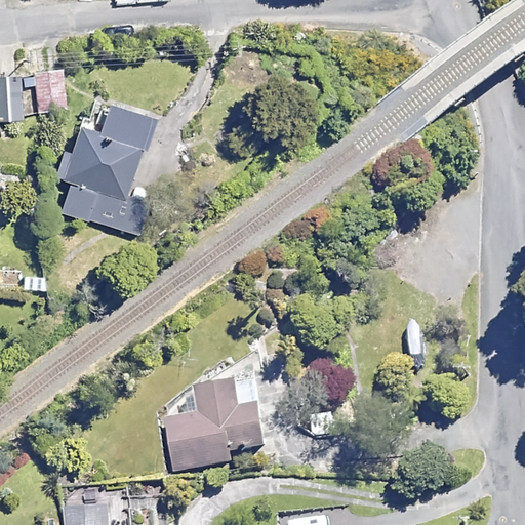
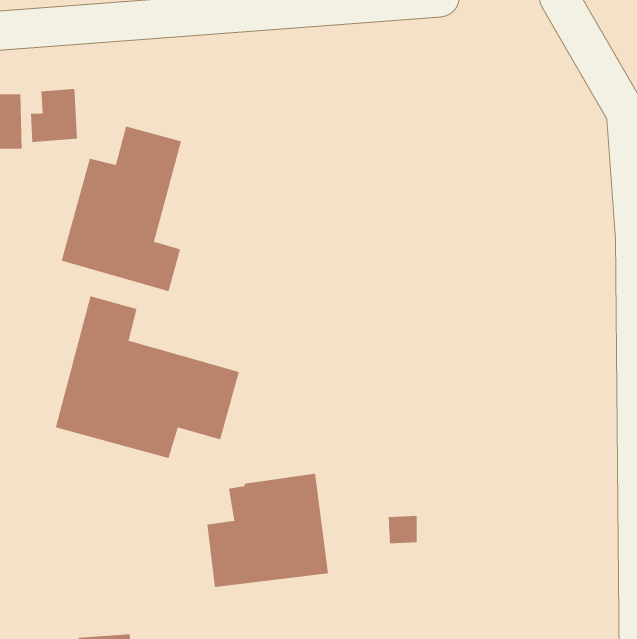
building: none -> [55,296,240,459]

